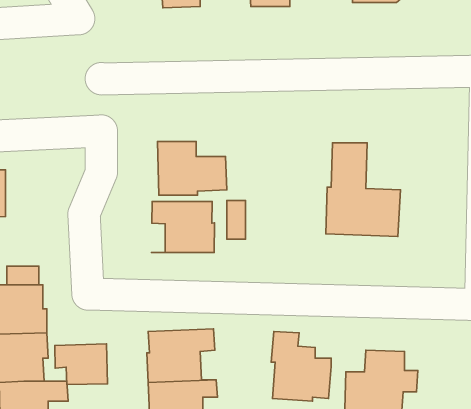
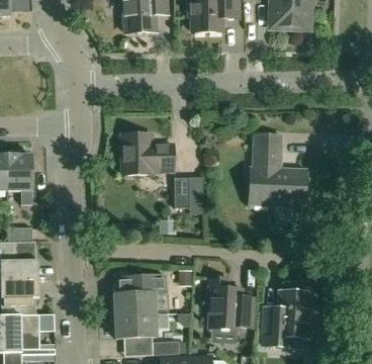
building: none -> [7,154,32,203]
building: [152,202,214,253] -> none
building: [55,344,107,384] -> none

